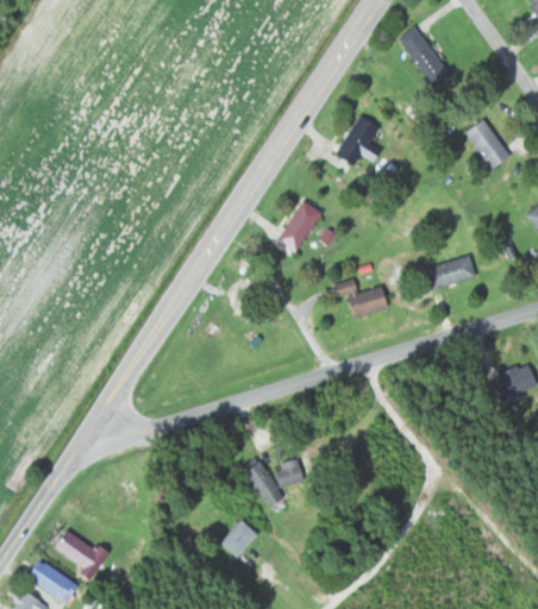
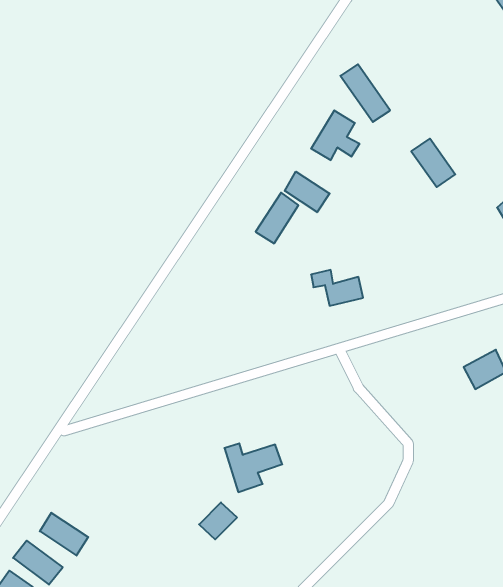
building: [398,26,449,86] -> [340,64,390,122]
building: [465,120,511,170] -> [411,139,455,187]
building: none -> [285,172,330,212]
building: [425,256,476,290] -> none

